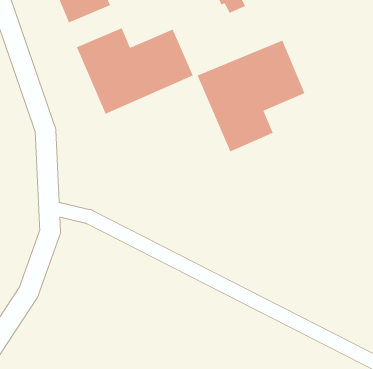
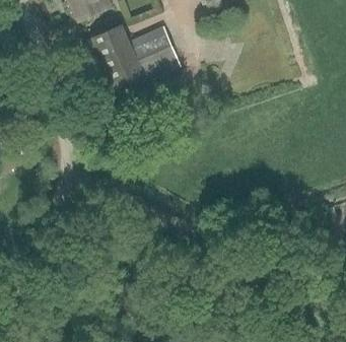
building: [197,39,306,153] -> none

